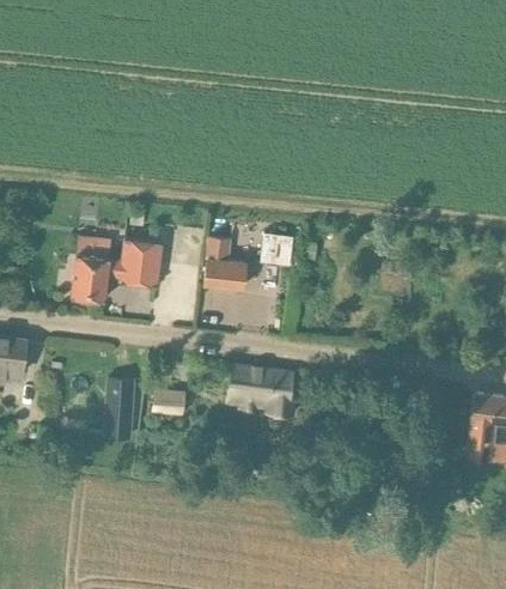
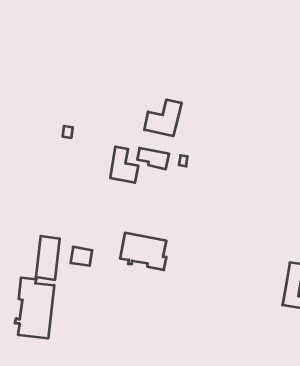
building: none -> [144,100,181,136]
building: [72,236,161,300] -> none
building: none -> [15,278,54,338]

